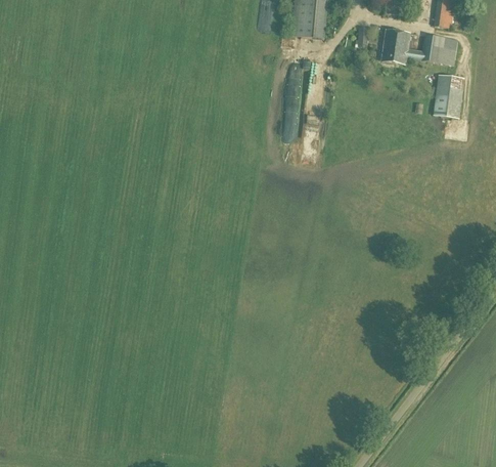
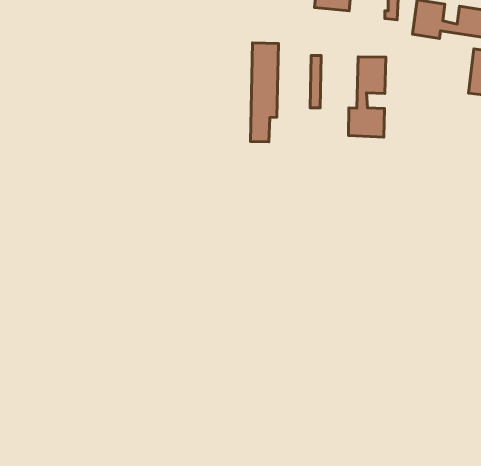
building: none -> [250,43,278,142]
building: none -> [349,57,386,137]

